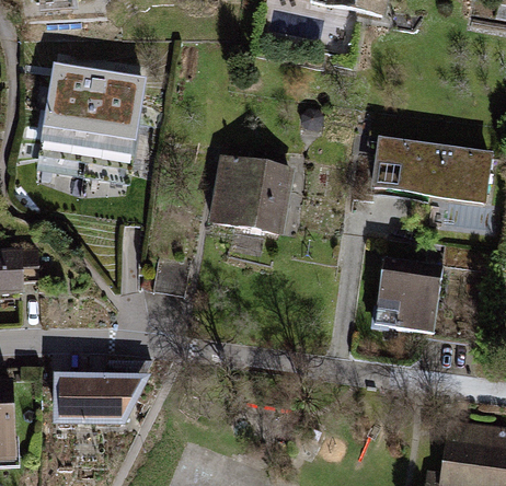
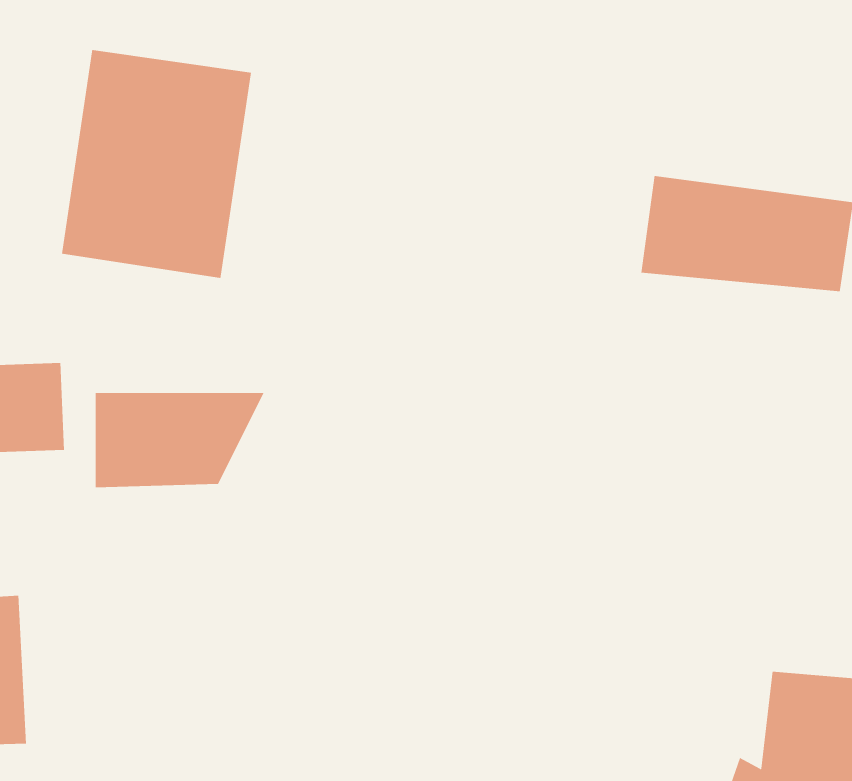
building: [205,153,294,236] -> none
building: [370,253,441,333] -> none
building: [54,369,151,424] -> [95,393,265,488]

